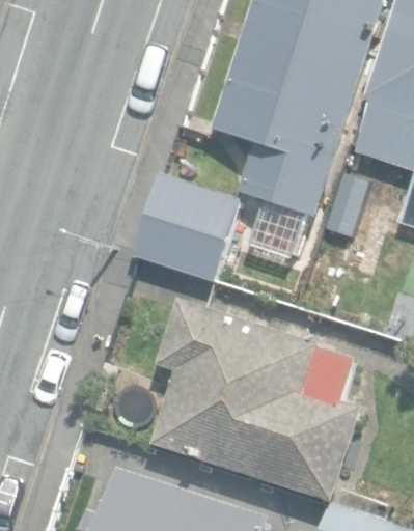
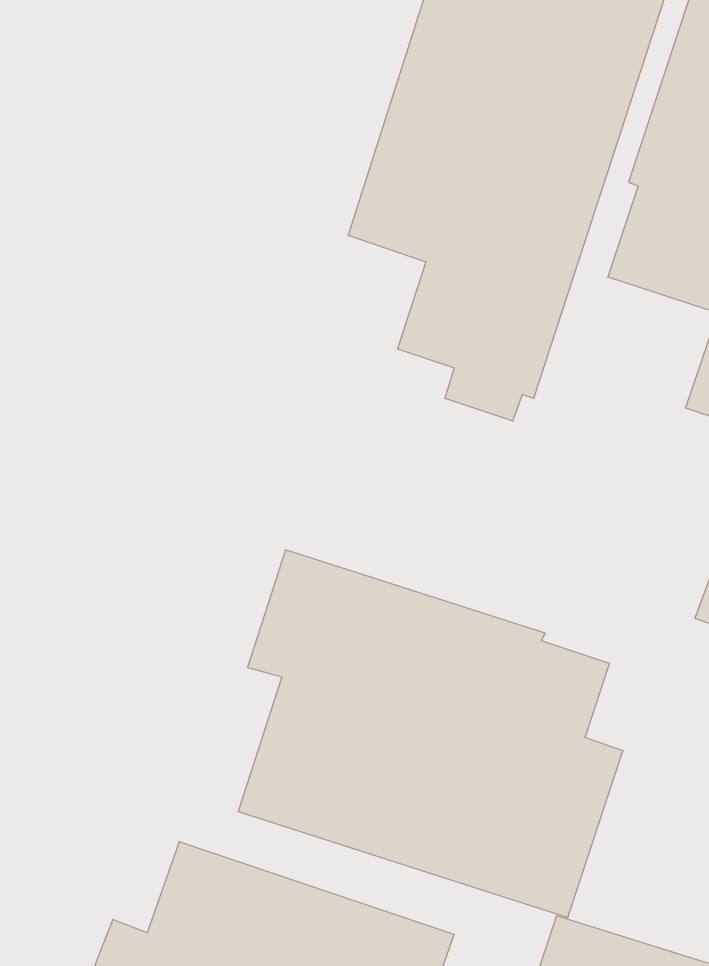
building: [131,174,238,282] -> none

